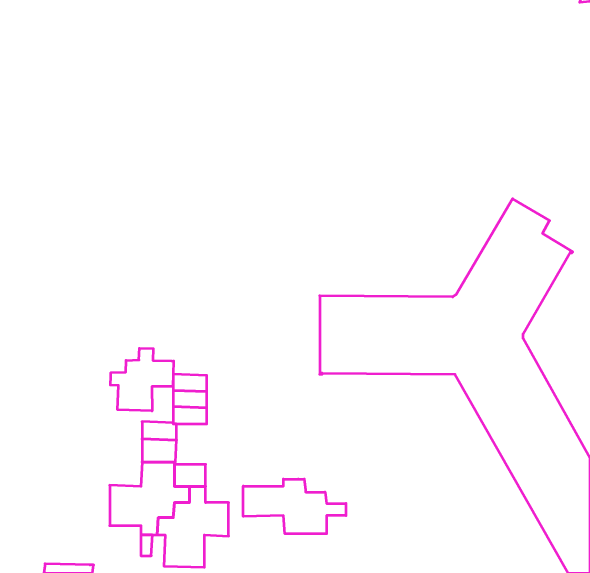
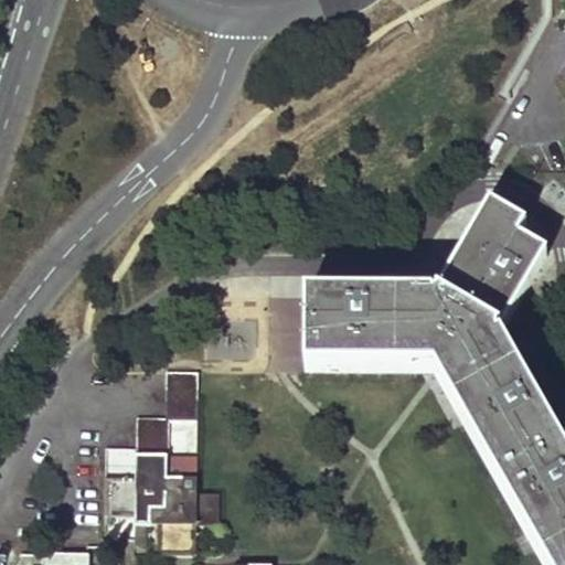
building: [110,348,174,411] -> none
building: [243,479,346,534] -> none

